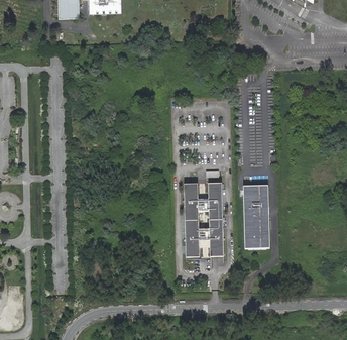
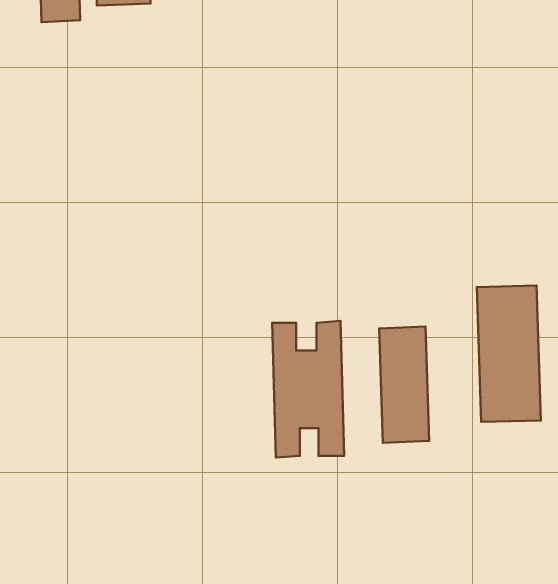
building: none -> [477,286,541,422]

